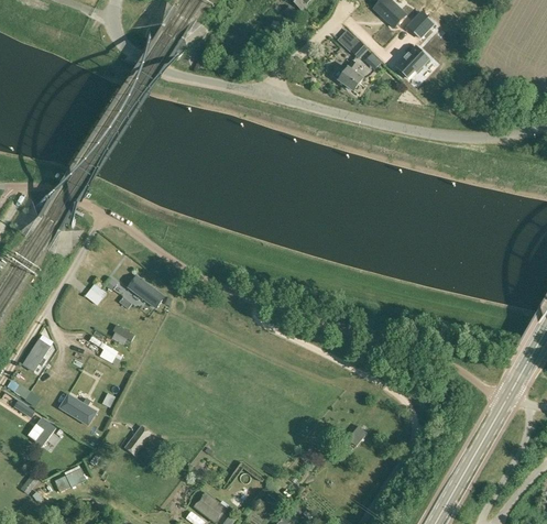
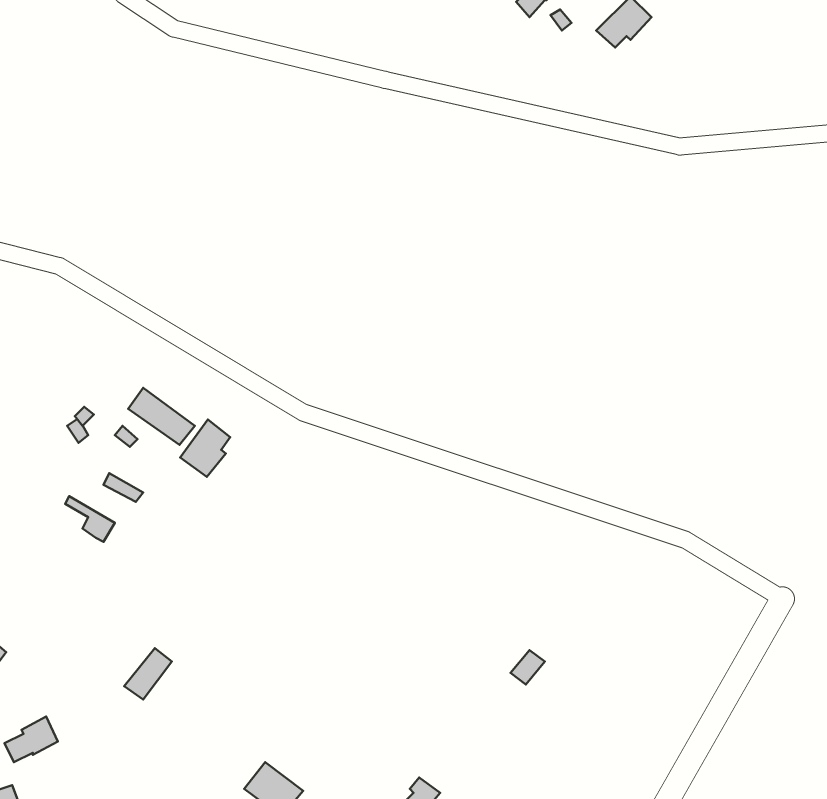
building: [332,62,363,92] -> none
building: none -> [180,419,230,477]
building: [58,393,97,426] -> none

